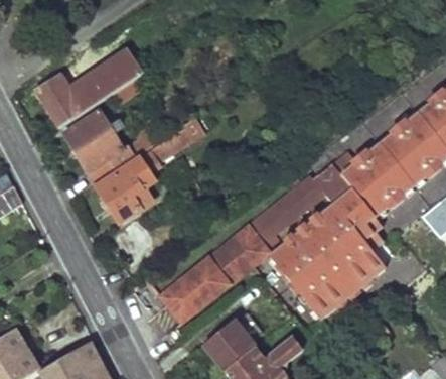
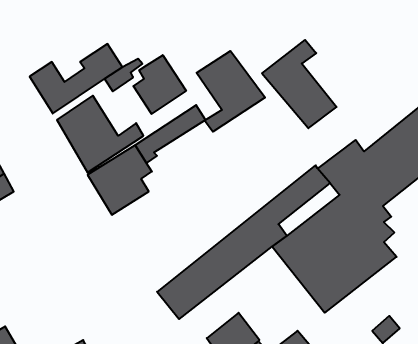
building: none -> [262,40,337,128]
building: none -> [197,51,265,132]
building: none -> [133,55,186,114]

